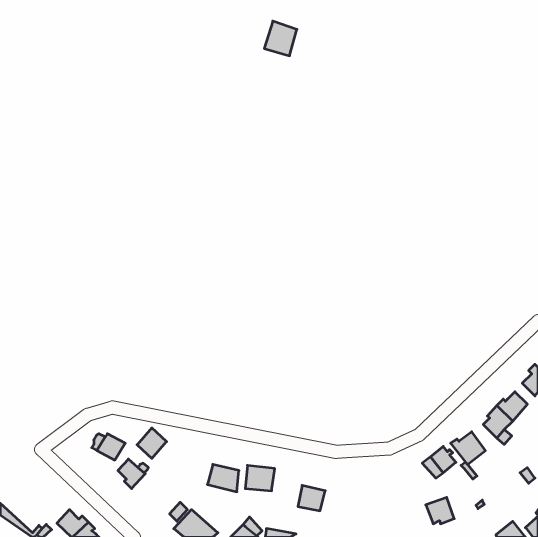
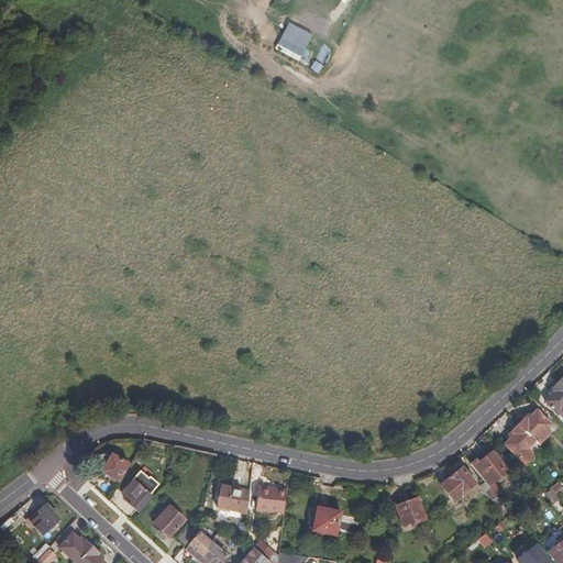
building: [137,428,167,458] -> [154,505,185,537]
building: none -> [32,503,60,533]
building: [426,497,454,524] -> [396,497,426,525]

